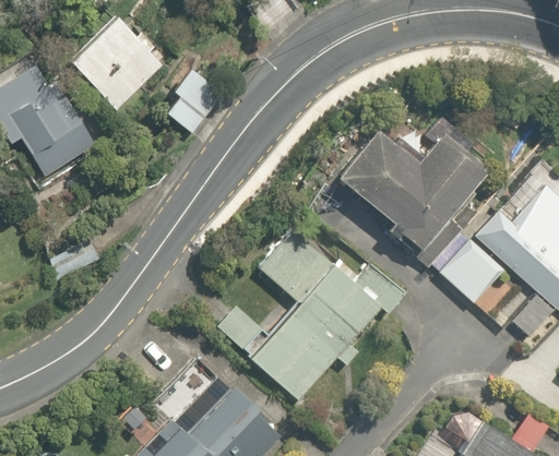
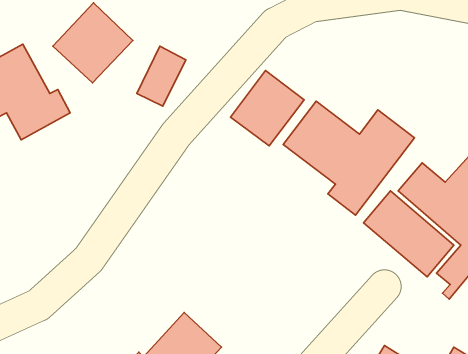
building: none -> [230,70,304,146]
building: [251,224,399,400] -> none

